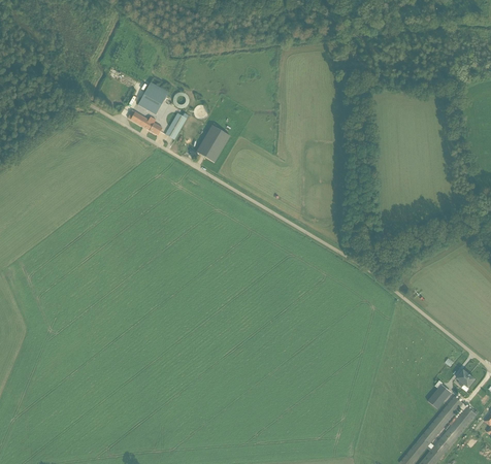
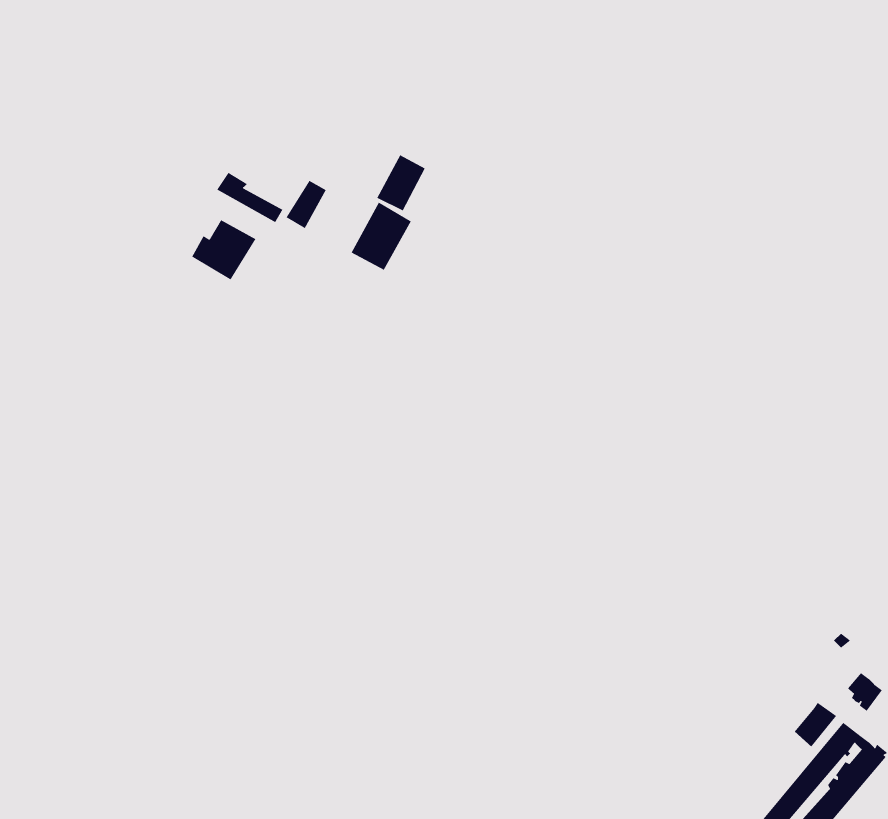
building: [135,82,169,114] -> [191,219,257,281]
building: none -> [376,154,426,211]

